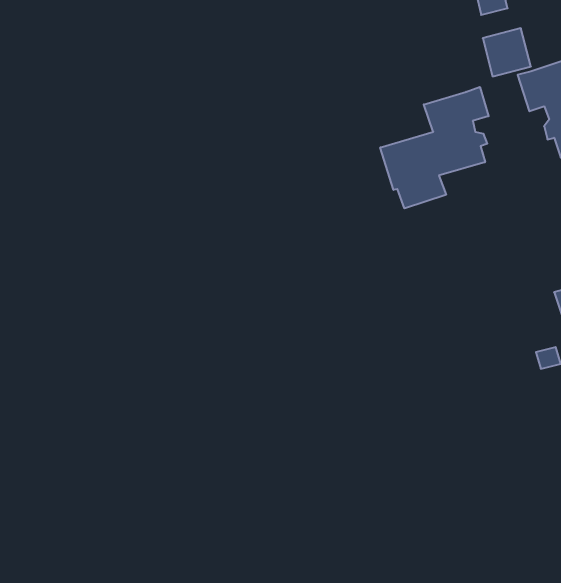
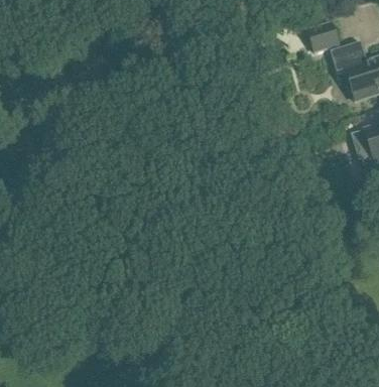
building: [380,87,489,208] -> none

